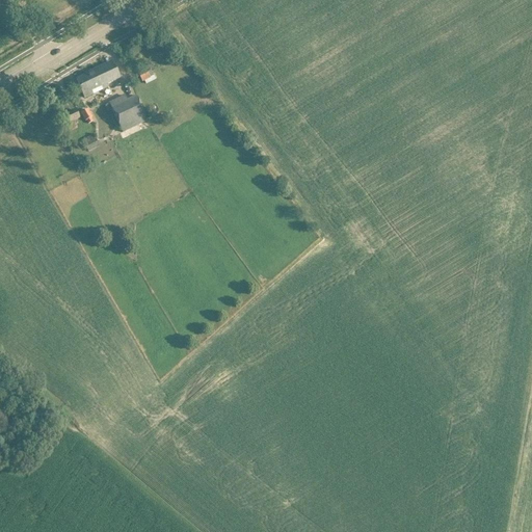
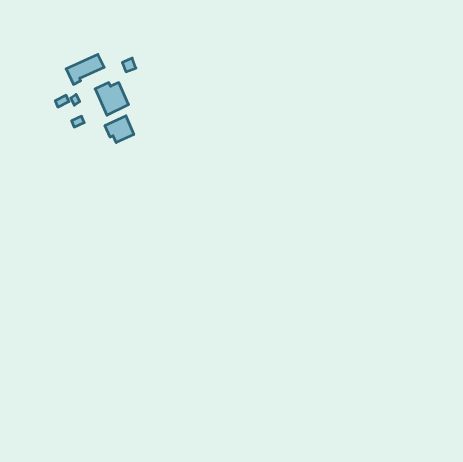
building: none -> [105,116,134,143]

